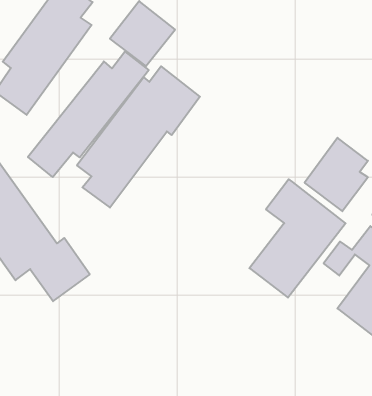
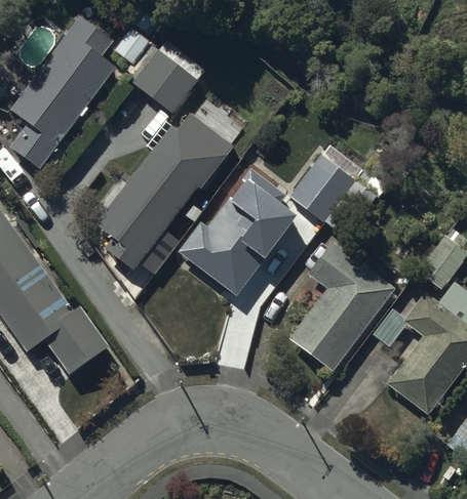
building: [28,51,149,177] -> none
building: none -> [177,168,302,298]
building: [305,138,368,211] -> [289,147,360,228]

